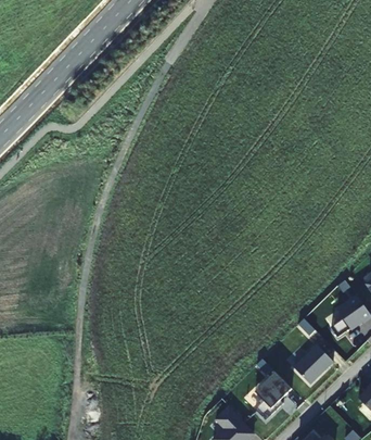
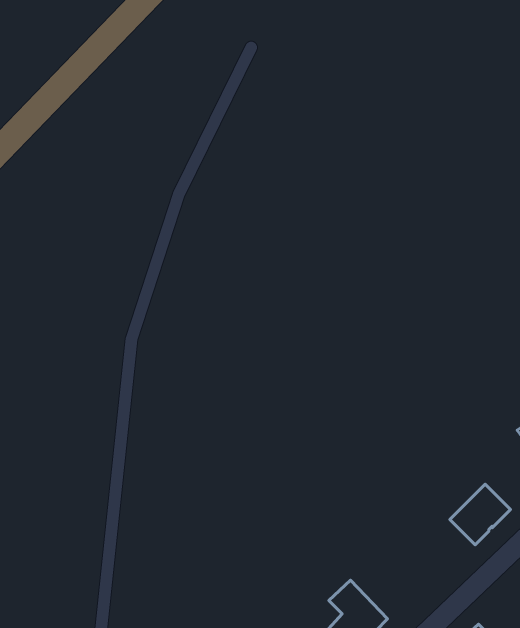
building: [255,372,292,419] -> none

